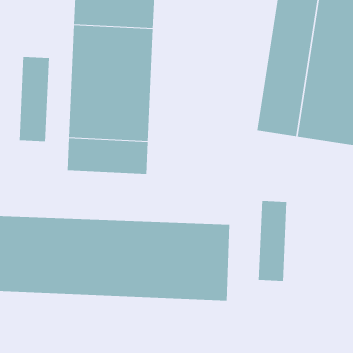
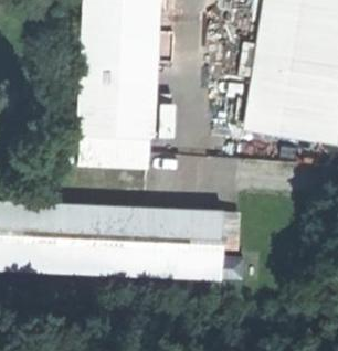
building: [19,56,49,142] -> none
building: [258,200,287,282] -> none

